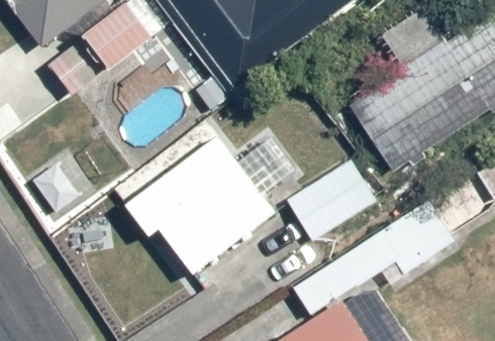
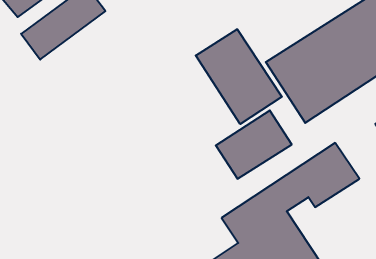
building: none -> [196,29,282,124]
building: [123,133,276,275] -> none

